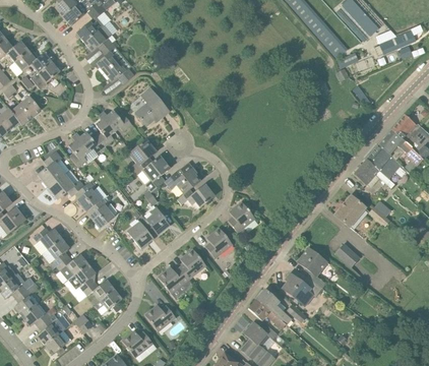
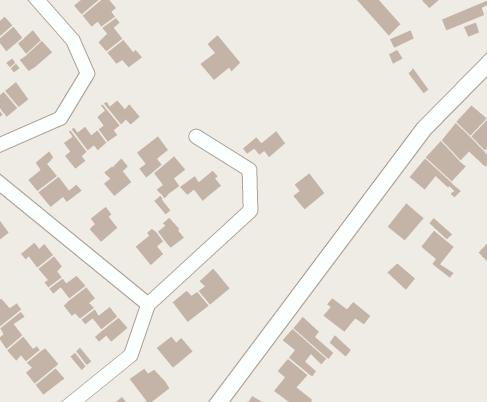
building: [134,87,169,126] -> [199,34,241,81]
building: [71,179,101,211] -> [97,158,133,197]
building: [177,184,213,207] -> [242,130,286,158]
building: [228,201,255,233] -> [292,172,326,211]
building: [205,227,233,258] -> none
building: [298,247,326,288] -> [420,229,455,279]

